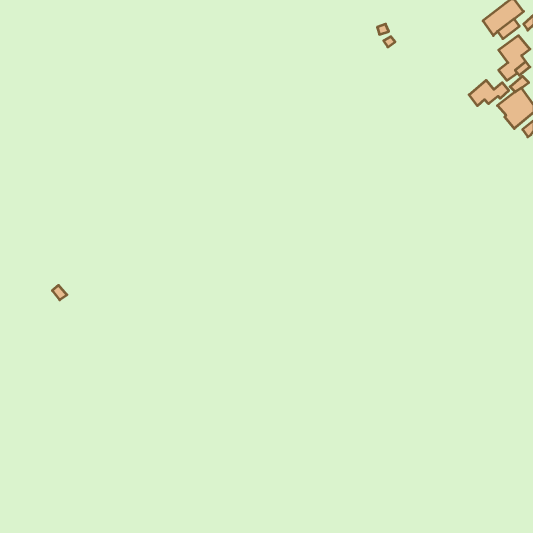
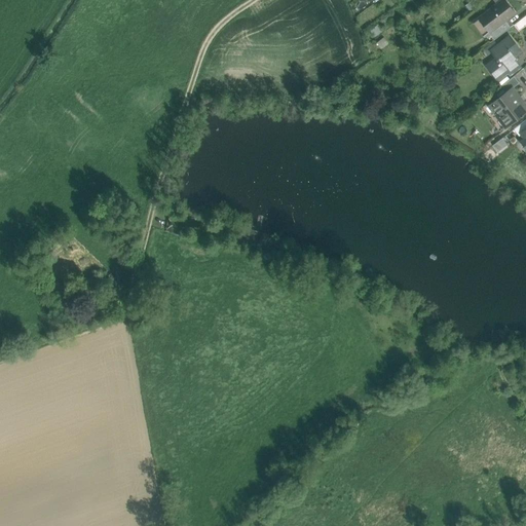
building: [469,80,509,106] -> none

